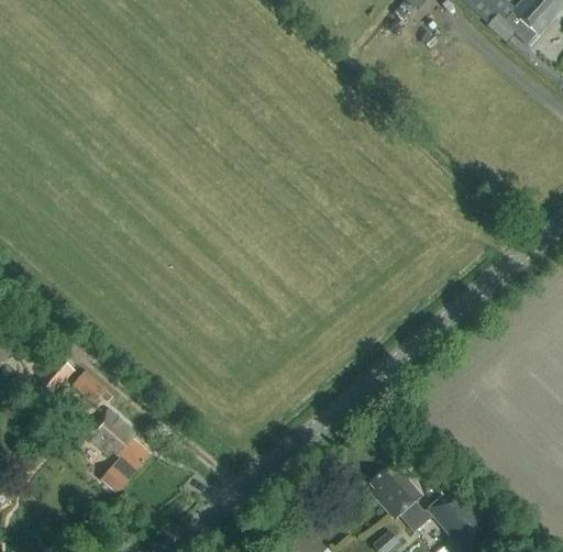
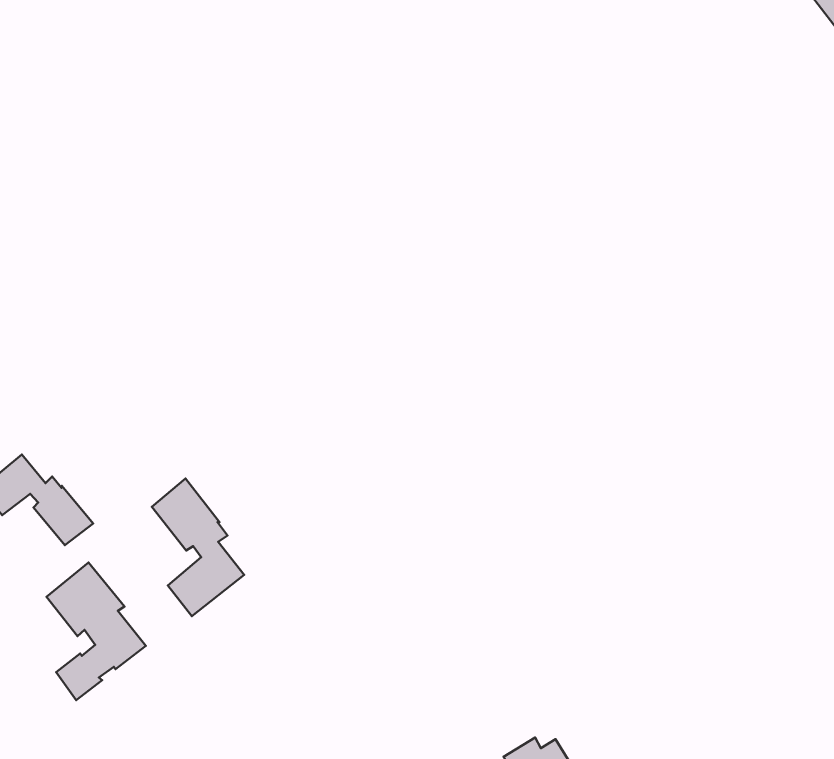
building: none -> [152,478,244,616]

